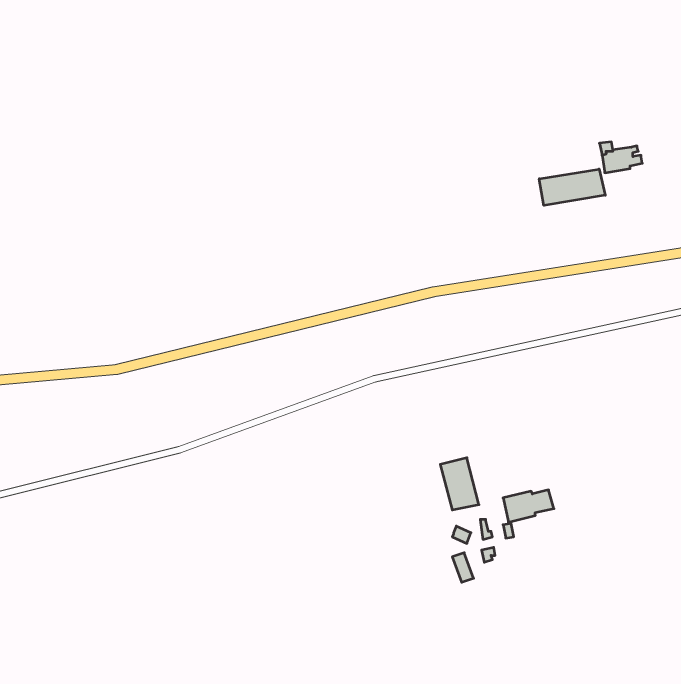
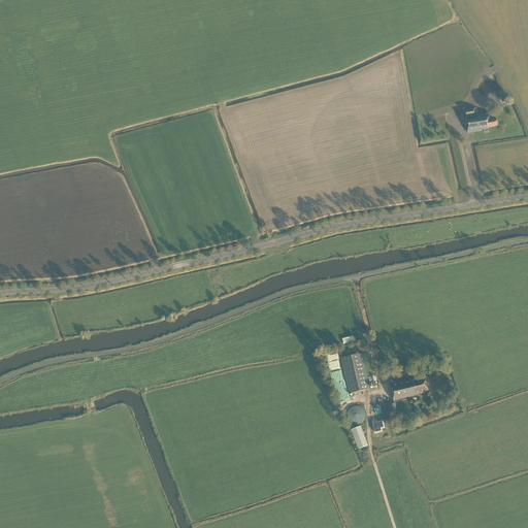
building: [539,169,605,205] -> none

